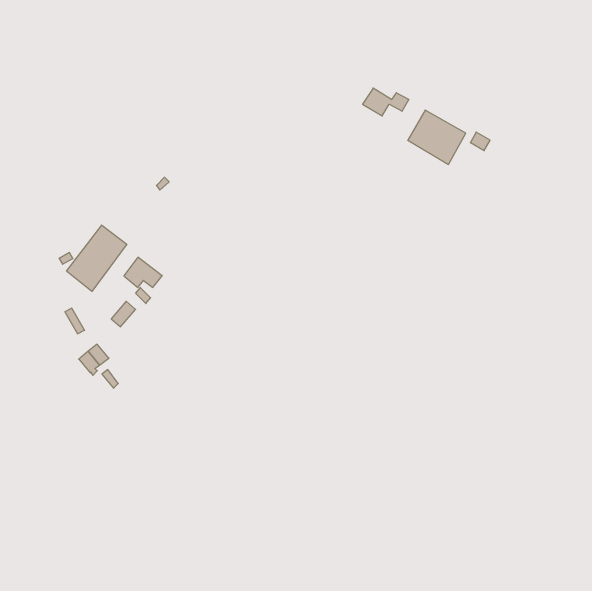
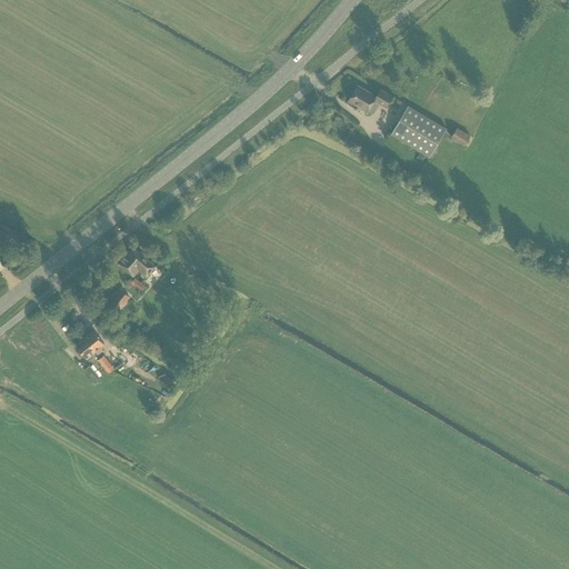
building: [67,225,127,291] -> none

